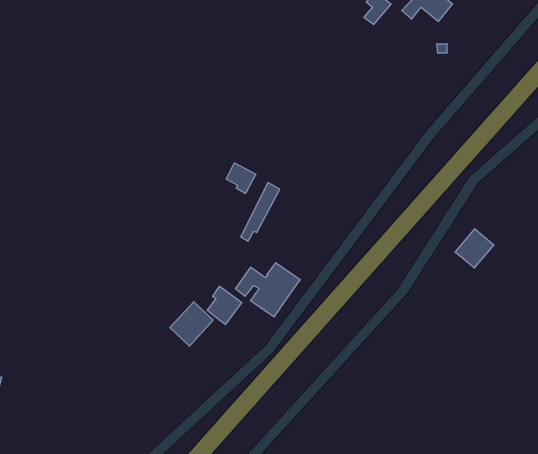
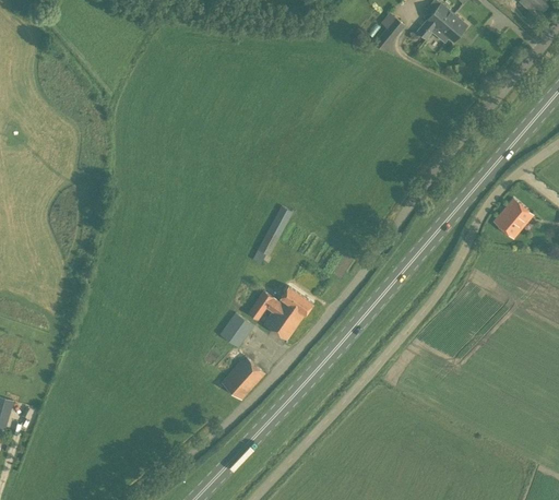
building: [226,163,256,193] -> none
building: [455,229,494,268] -> [492,199,532,238]
building: [170,302,213,346] -> [221,356,264,401]

